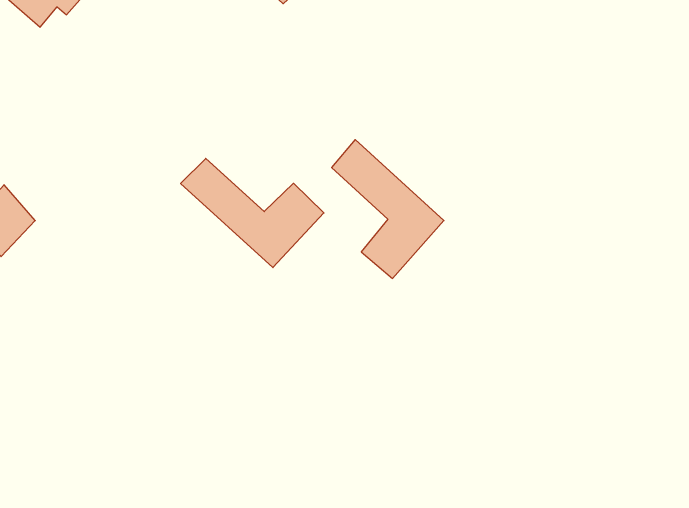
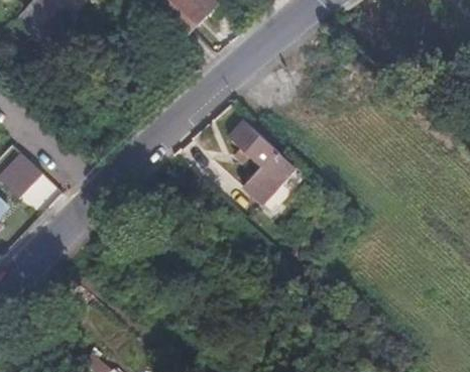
building: [181,158,324,268] -> none

